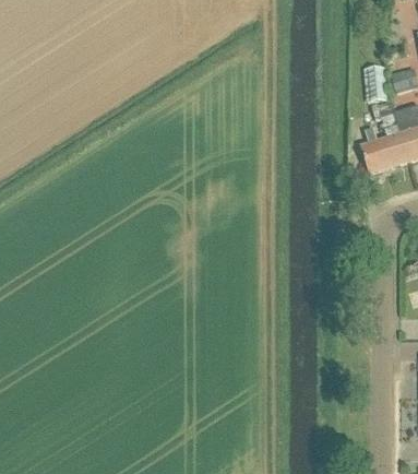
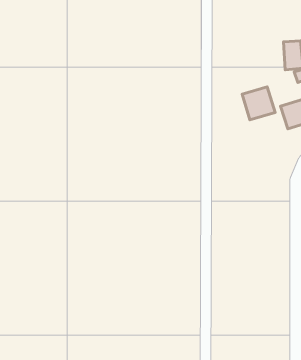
building: none -> [242,87,275,120]

